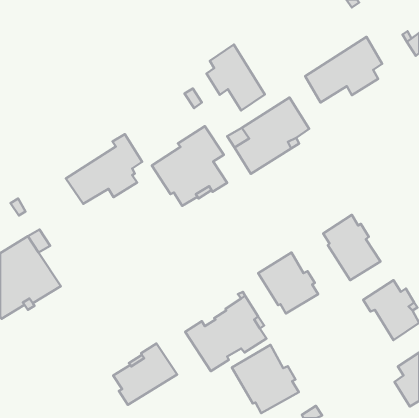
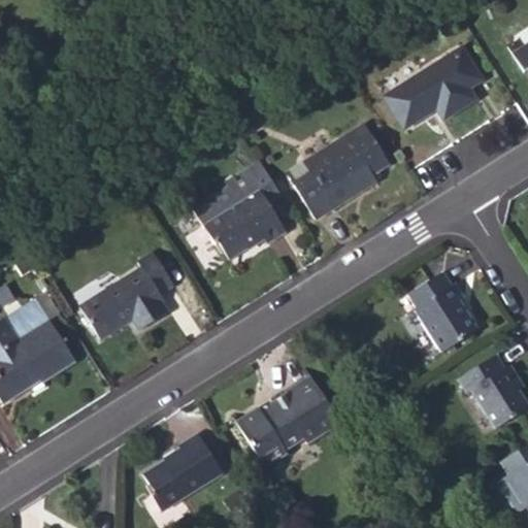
building: [206,44,265,110] -> none
building: [66,134,142,204] -> [78,251,174,338]
building: [258,252,318,313] -> none
building: [232,345,299,413] -> none

